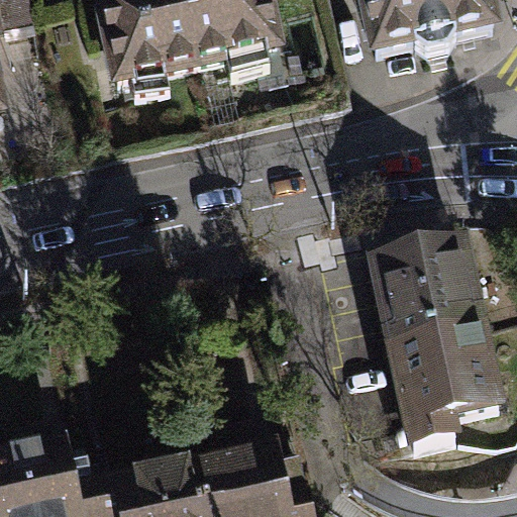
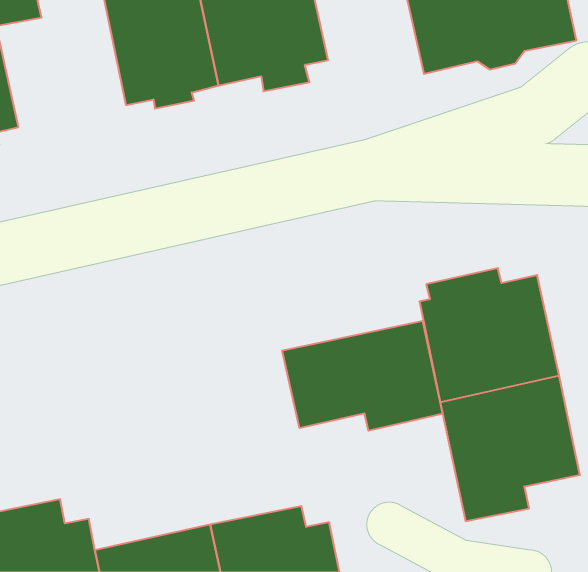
building: none -> [282,321,443,431]

